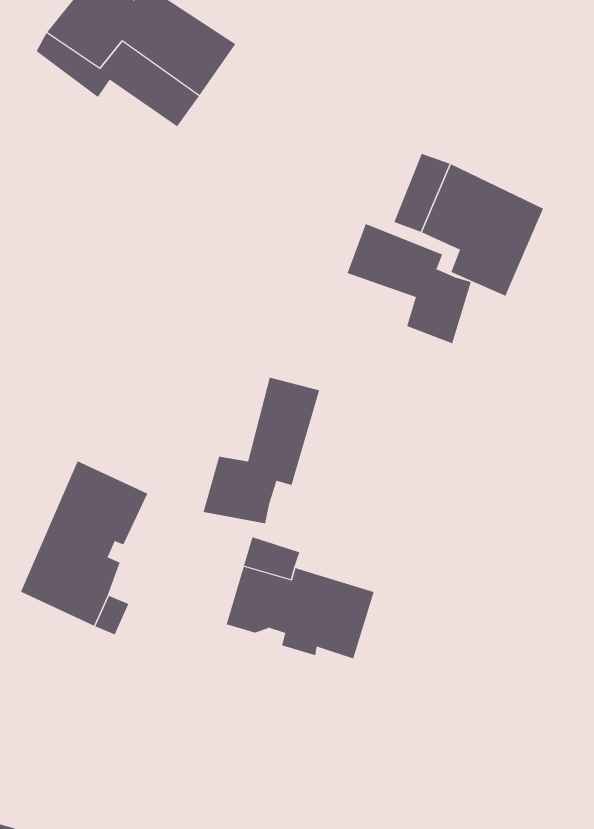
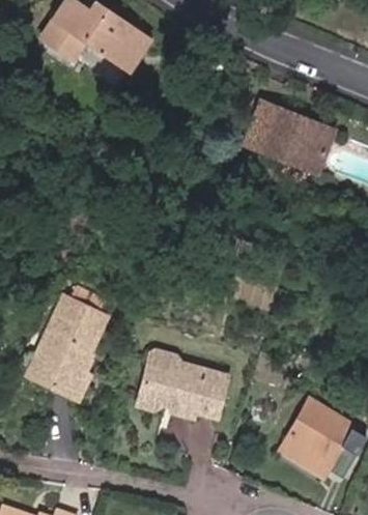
building: [347,223,472,344] -> none
building: [203,377,320,524] -> none
building: none -> [293,403,362,474]

